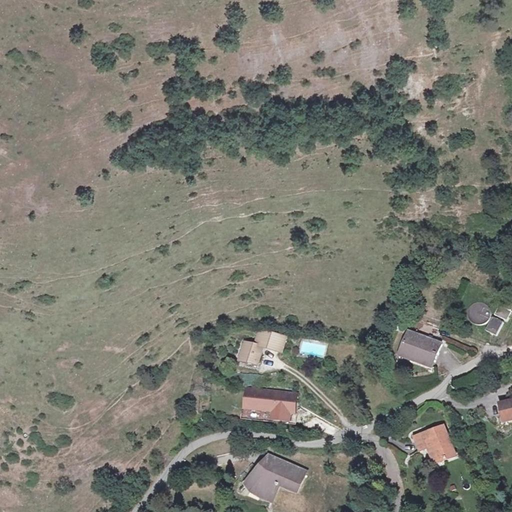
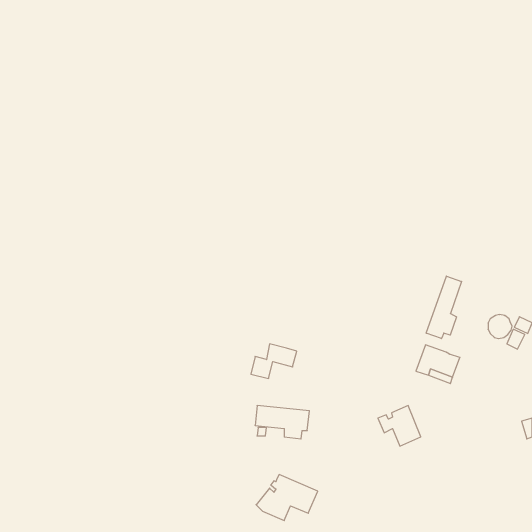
building: none -> [426,276,462,339]
building: [413,424,454,463] -> [378,406,421,446]

